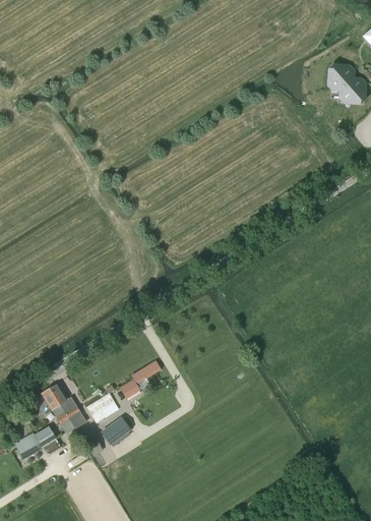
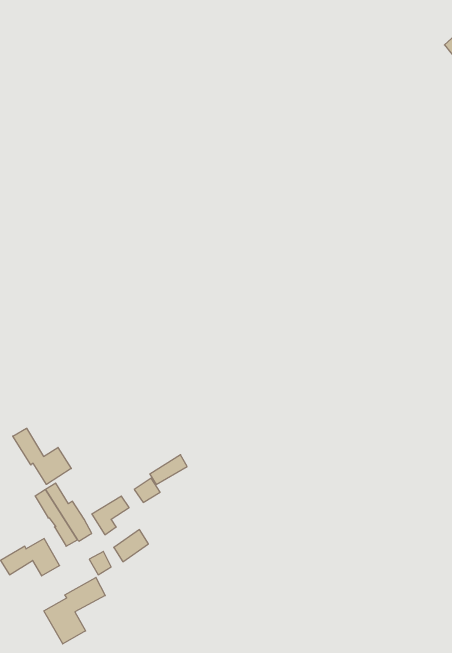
building: [332,68,363,100] -> none
building: none -> [13,428,71,484]
building: none -> [44,577,105,644]

